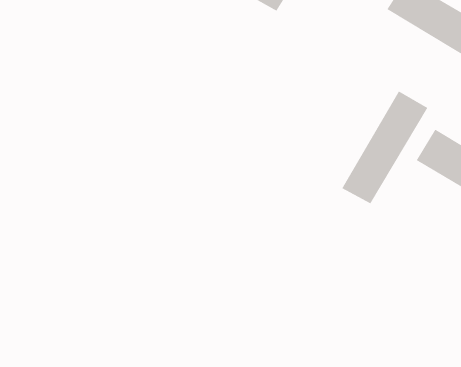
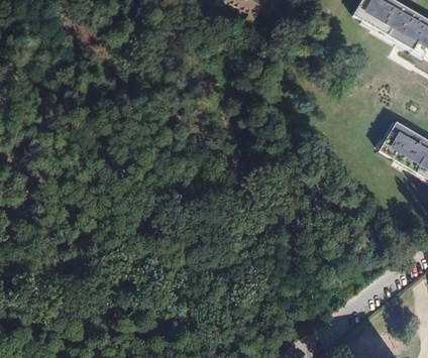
building: [342,91,428,204] -> none

